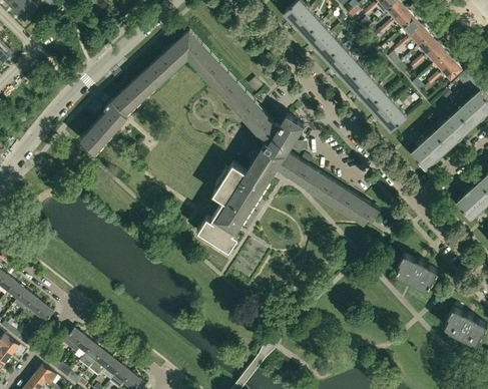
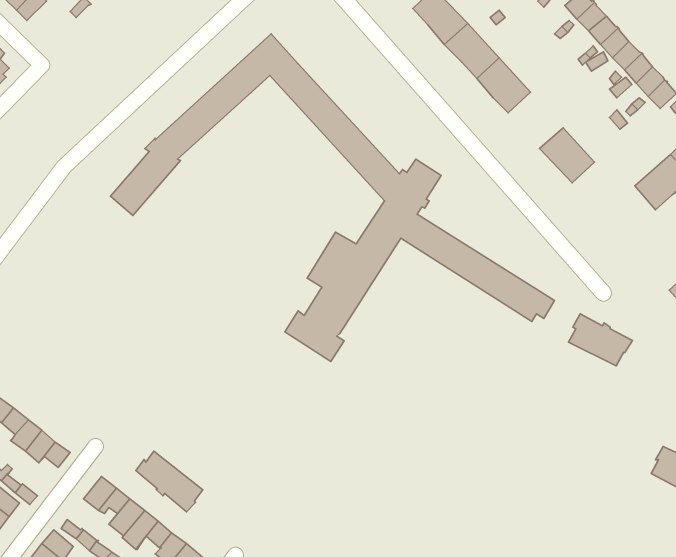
building: [348,69,385,107] -> none
building: [411,132,447,168] -> none
building: [395,254,438,289] -> [568,314,632,366]
building: none -> [136,451,203,512]

